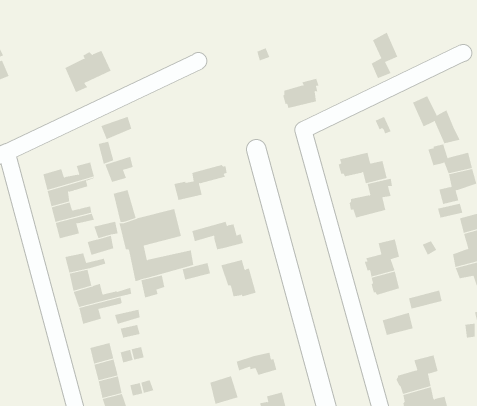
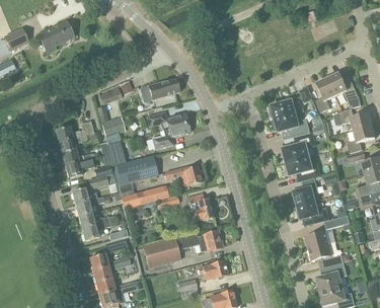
building: [371,32,398,79] -> [315,77,335,111]
building: [65,50,111,93] -> [39,21,73,53]
building: [282,78,319,108] -> [270,96,297,119]
building: none -> [147,78,179,100]
building: none -> [147,111,189,130]
building: none -> [286,156,319,180]
building: none -> [144,231,221,267]
building: none -> [308,243,344,266]

